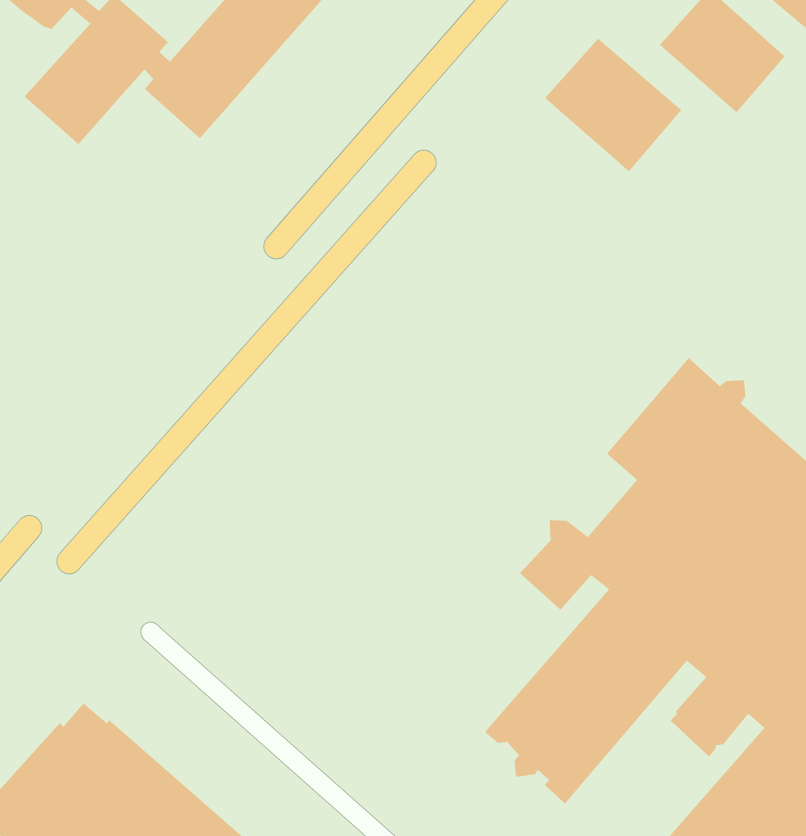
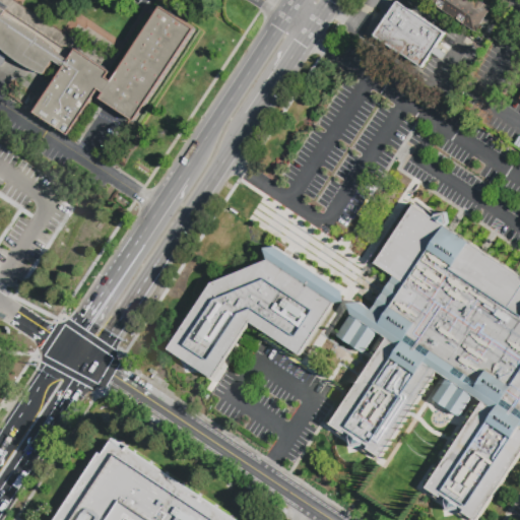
building: [544,38,682,172] -> none
building: none -> [168,246,342,377]

